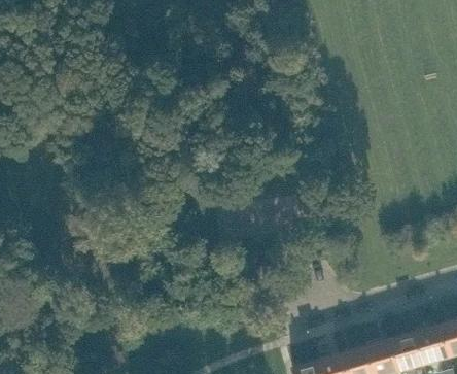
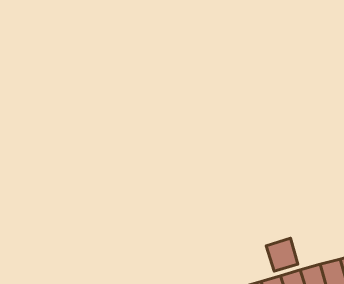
building: none -> [266,238,298,271]

